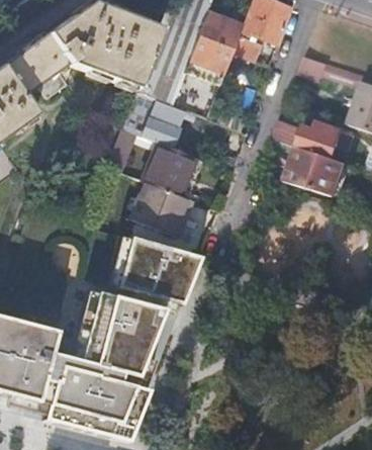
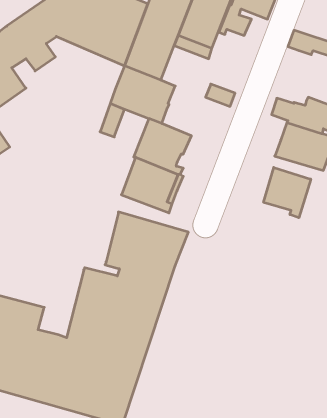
building: none -> [264,167,311,218]

